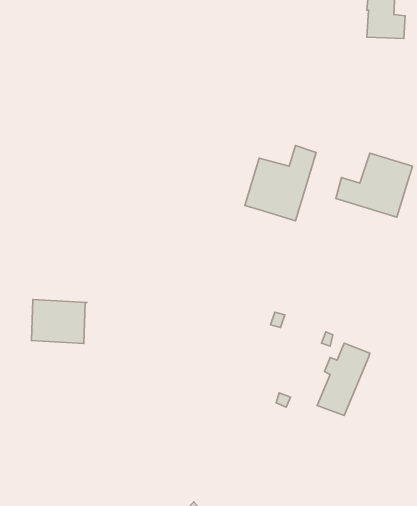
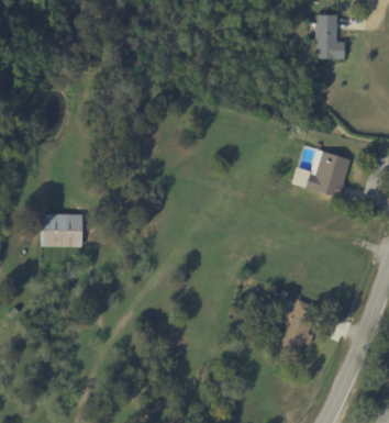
building: [245,145,316,221] -> none
building: [31,300,87,343] -> [41,212,84,246]

